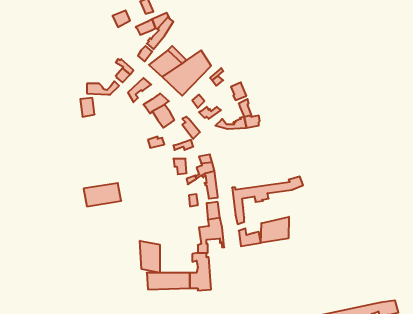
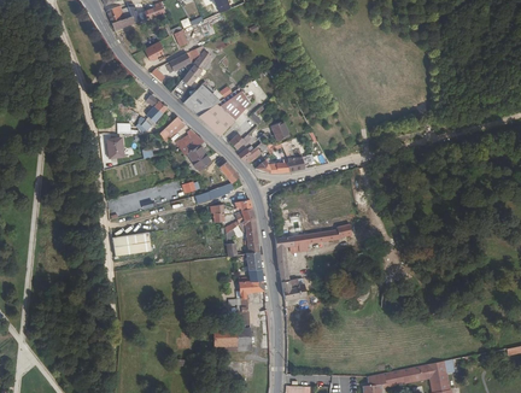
building: [261,217,289,243] -> none
building: [140,241,160,273] -> none

